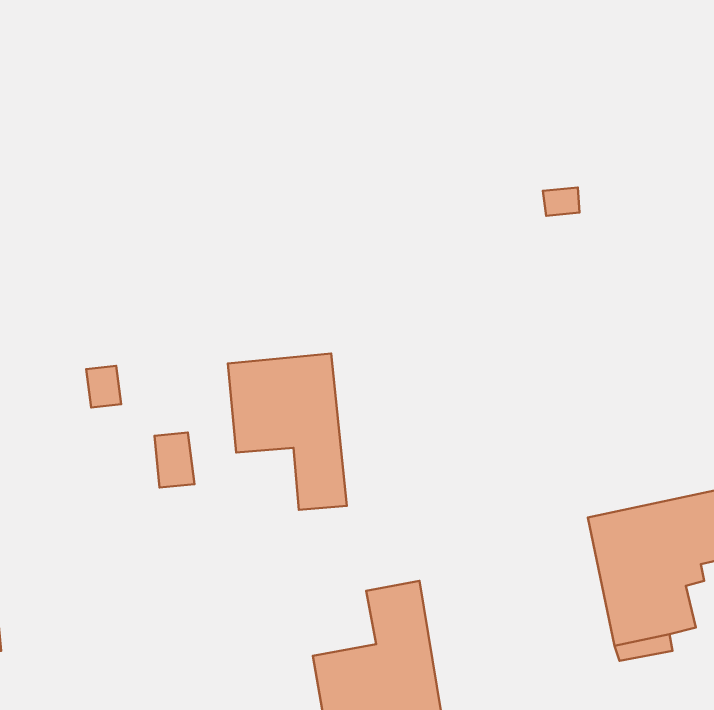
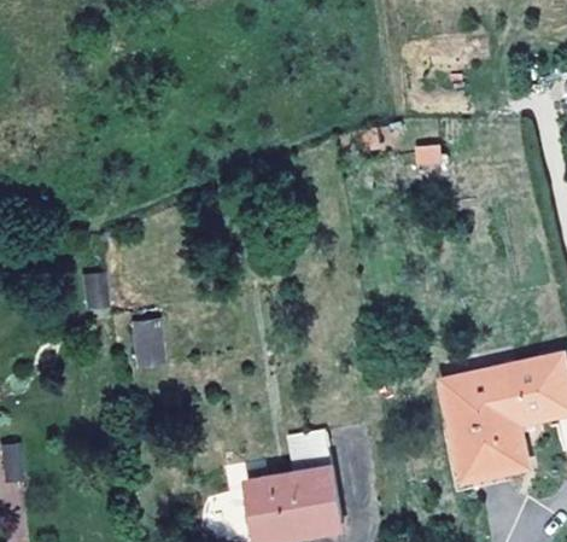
building: [228,354,347,510] -> none

